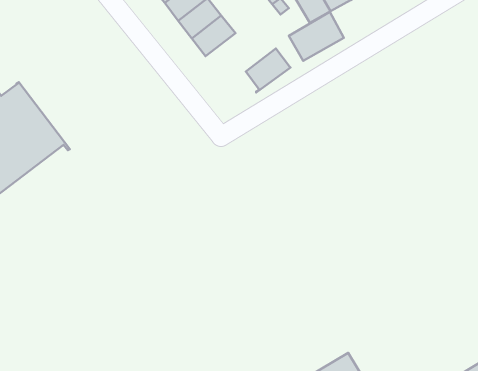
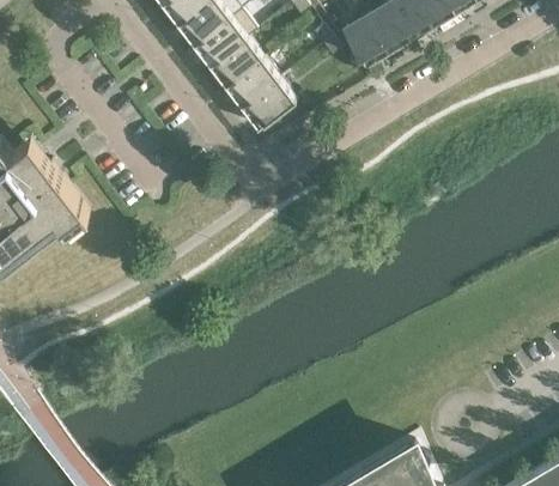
building: [289,12,344,61] -> none
building: [246,49,291,92] -> [243,79,294,129]

